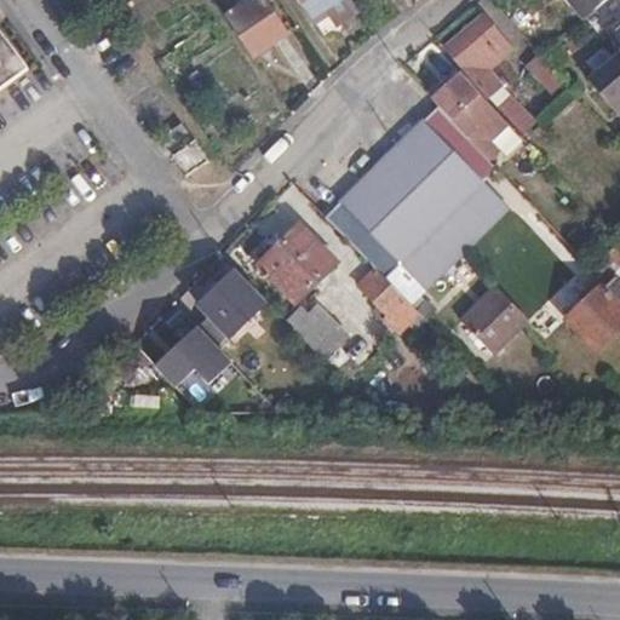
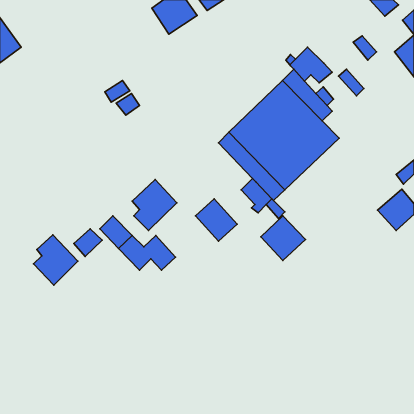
building: [447,12,513,102] -> none
building: [258,223,334,298] -> none
building: [459,285,526,351] -> [261,216,305,261]
building: none -> [34,235,78,285]

